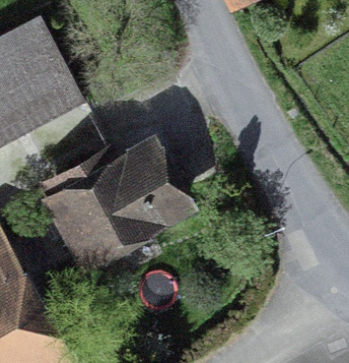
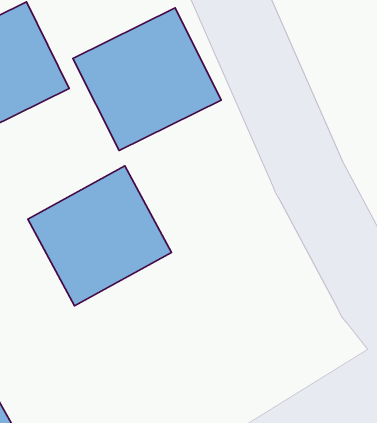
building: none -> [73,8,221,150]

